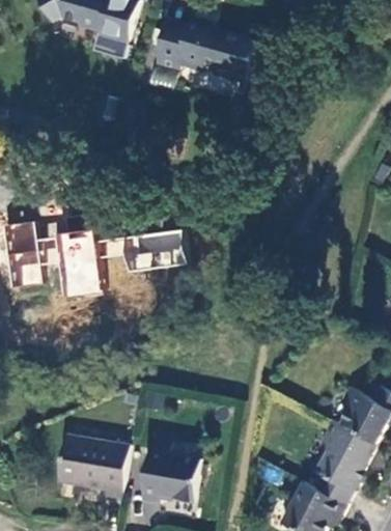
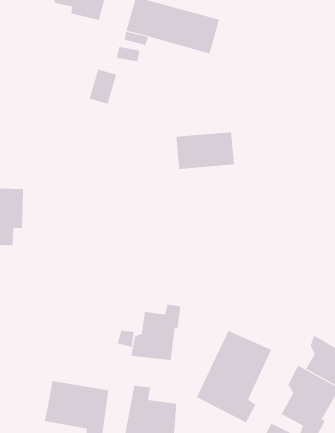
building: [48,233,88,299] -> none
building: [112,233,175,274] -> [176,132,235,169]
building: none -> [131,304,181,361]
building: none -> [196,330,272,423]

